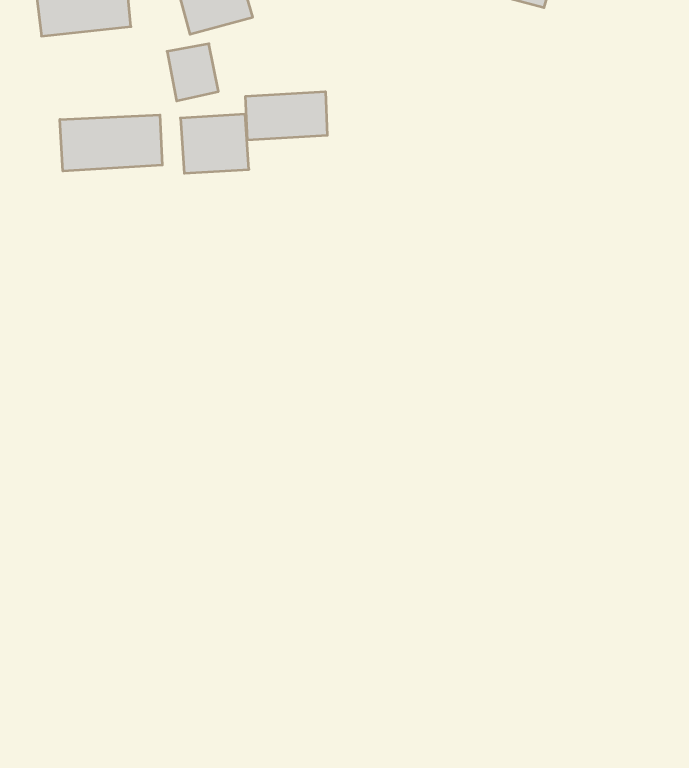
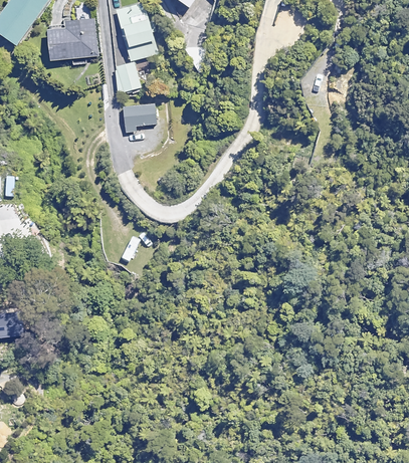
building: [246,92,327,140] -> none
building: [60,115,162,171] -> none

